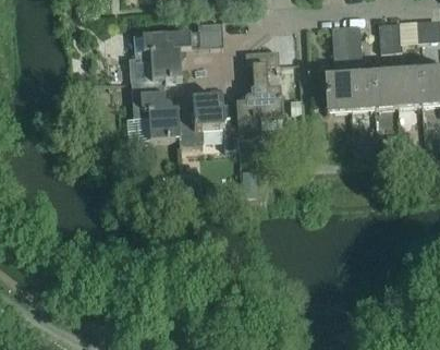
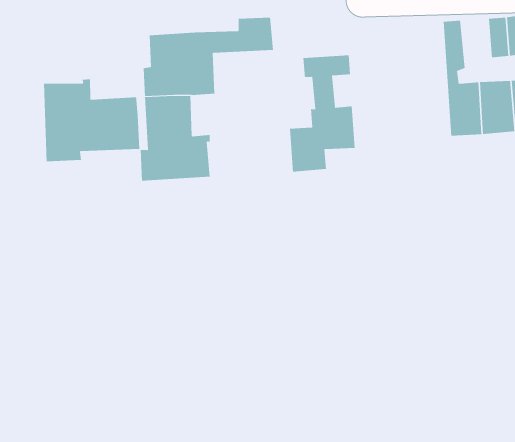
building: [325,24,353,109] -> none
building: none -> [44,78,140,162]
building: [178,96,239,145] -> none

